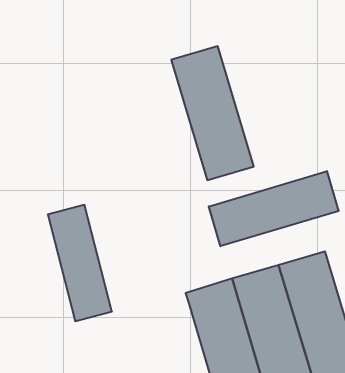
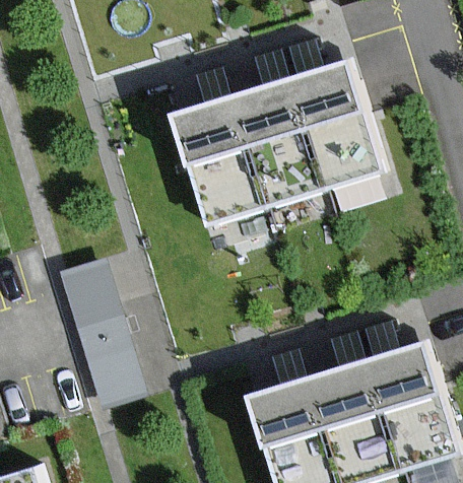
building: none -> [281,42,386,212]
building: none -> [163,77,268,247]
building: [209,171,339,246] -> none

